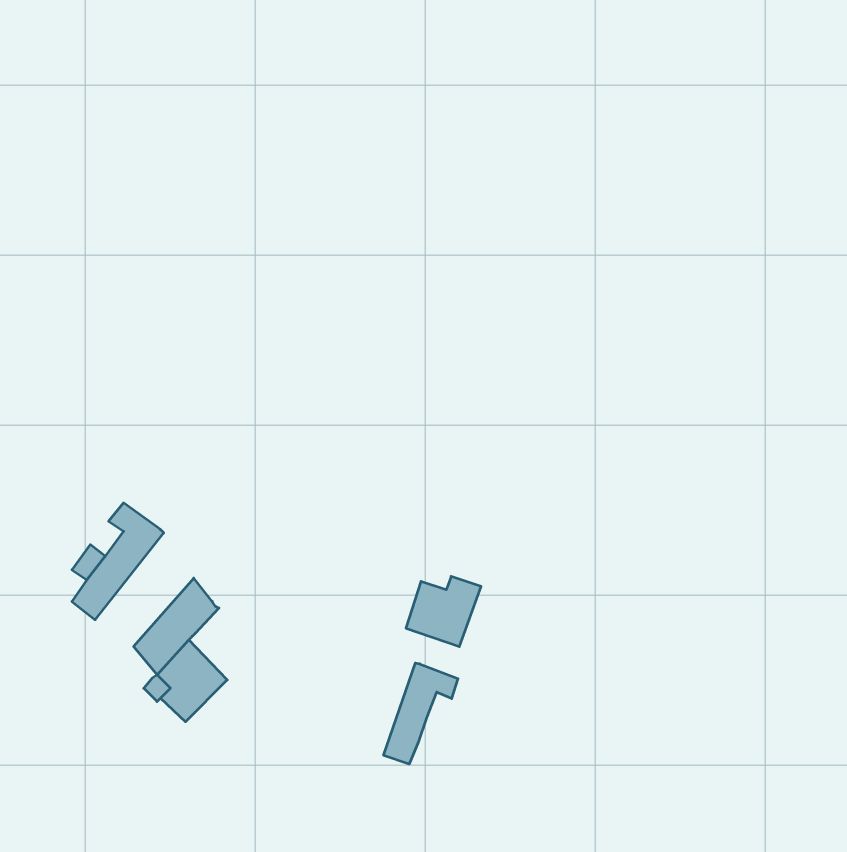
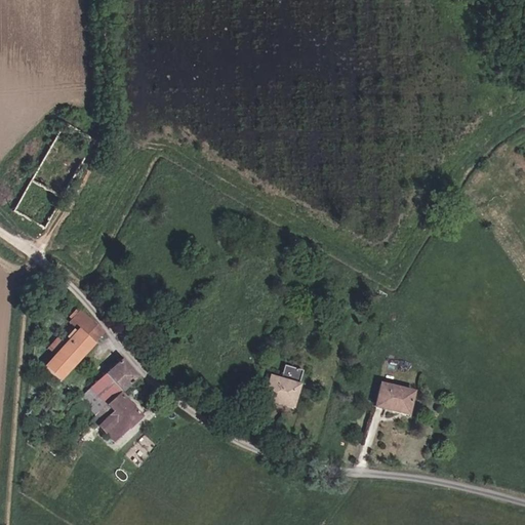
building: none -> [386,382,425,415]
building: [384,663,458,764] -> none

